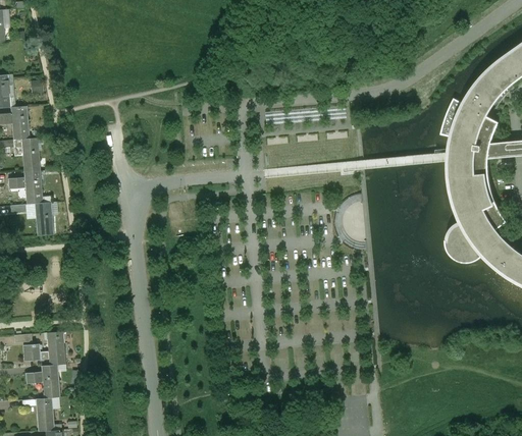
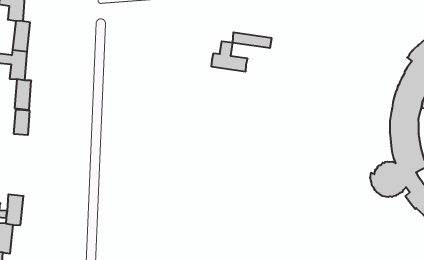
building: [440,98,469,138] -> none
building: none -> [212,41,247,72]
building: none -> [14,110,30,135]

